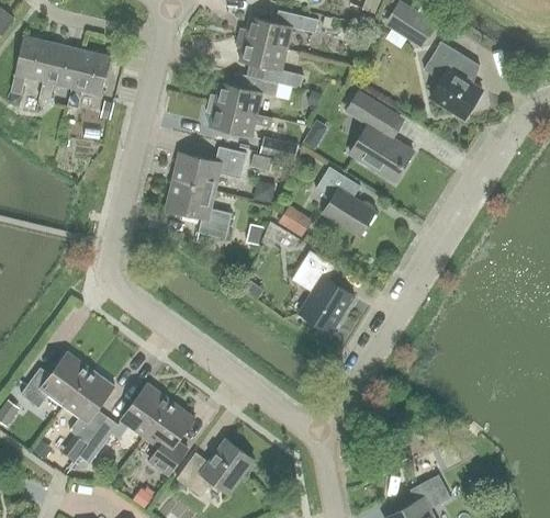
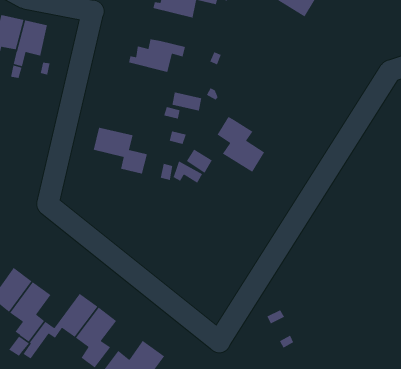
building: [235,37,302,89] -> none
building: [423,43,481,119] -> none
building: [346,92,412,181] -> none
building: [205,103,271,137] -> none
building: [171,147,246,191] -> none
building: [291,250,353,334] -> none

